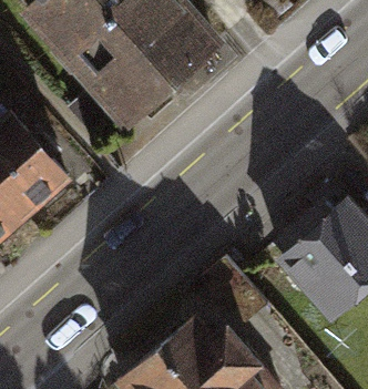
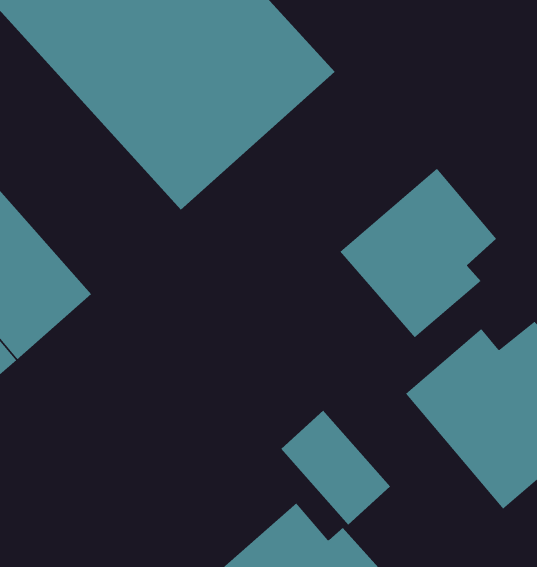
building: none -> [339,168,497,338]

